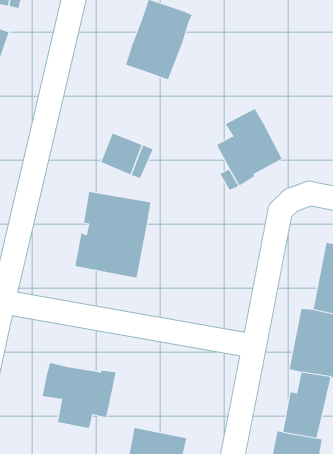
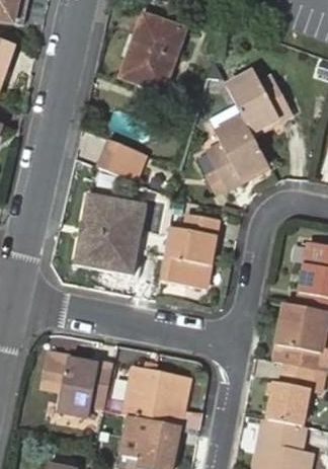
building: none -> [227,70,293,133]
building: none -> [159,215,217,290]
building: none -> [124,368,188,425]

